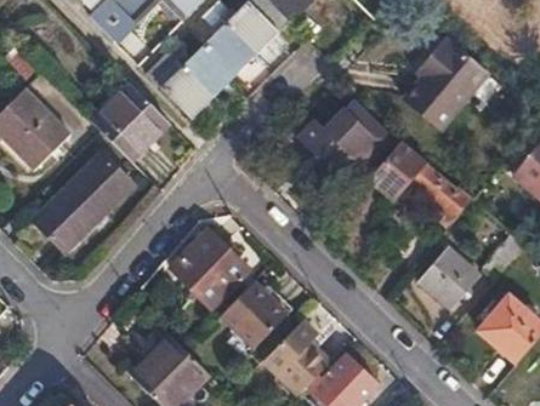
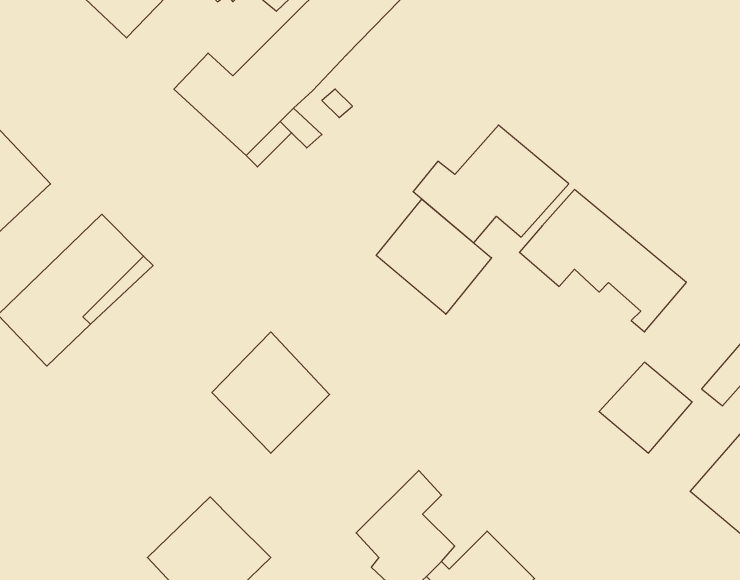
building: [407,35,490,125] -> none
building: [90,81,170,161] -> none
building: none -> [376,199,492,314]
building: [217,280,282,344] -> none

